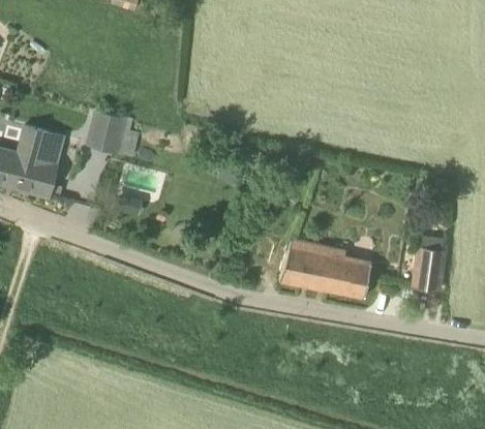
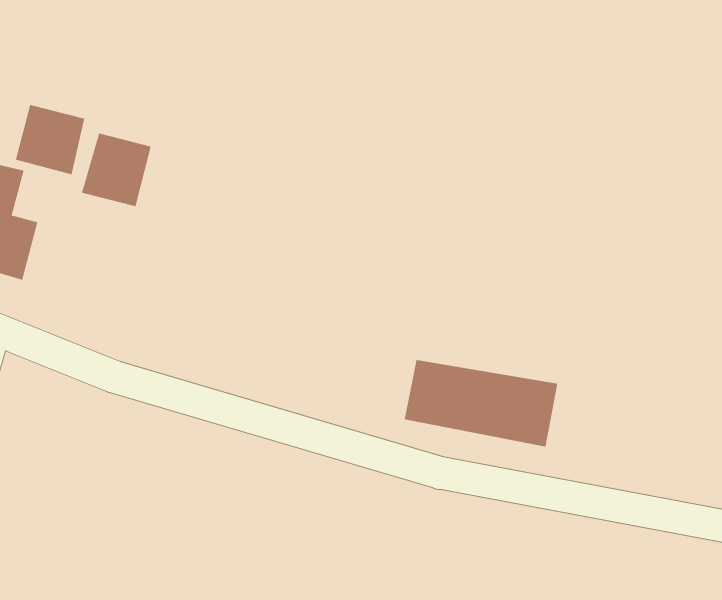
building: none -> [15,104,85,175]
building: [414,247,445,290] -> none

